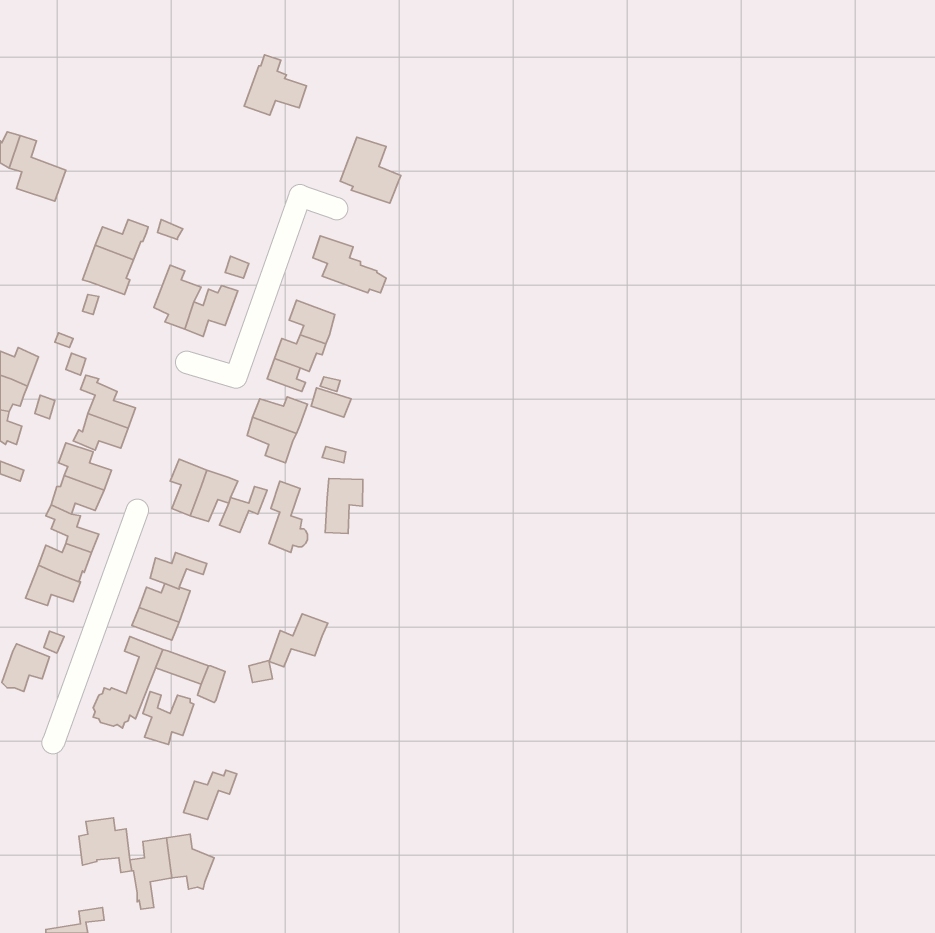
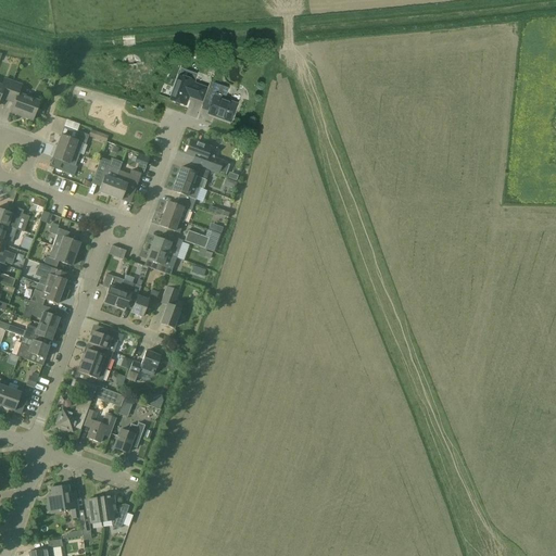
building: [244,55,307,115] -> [170,68,207,104]
building: none -> [176,166,208,188]
building: [325,479,363,533] -> none
building: [269,614,328,667] -> [126,350,161,381]
building: [184,770,237,820] -> [113,422,144,452]

